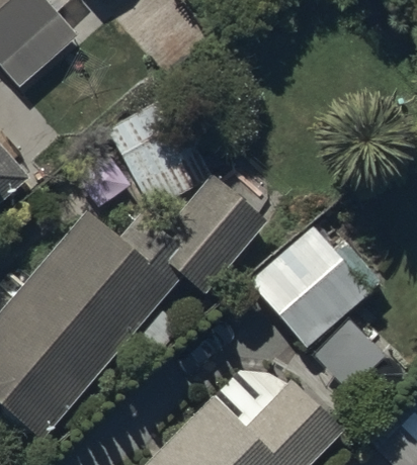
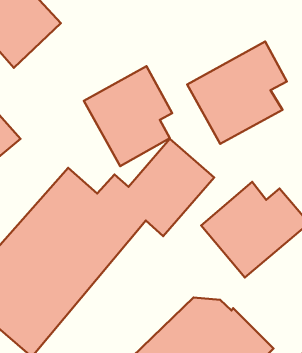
building: none -> [187,42,287,144]

